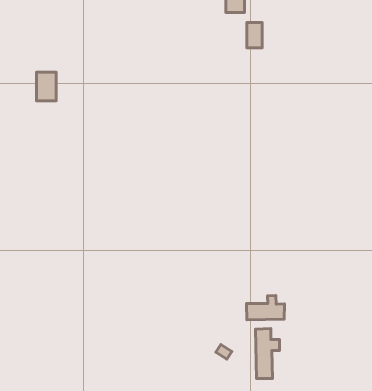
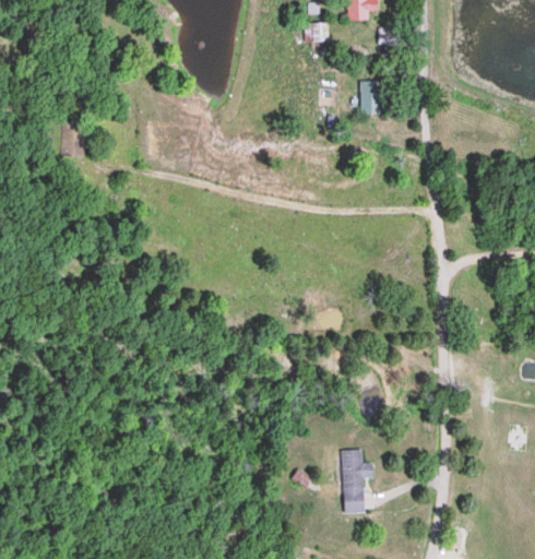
building: [247,22,262,48] -> [360,80,380,112]
building: [246,295,284,320] -> none

